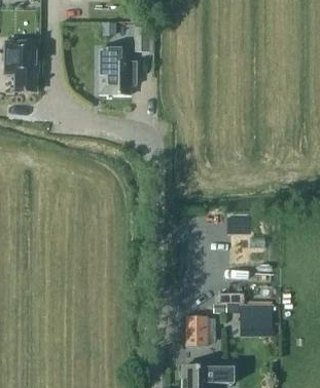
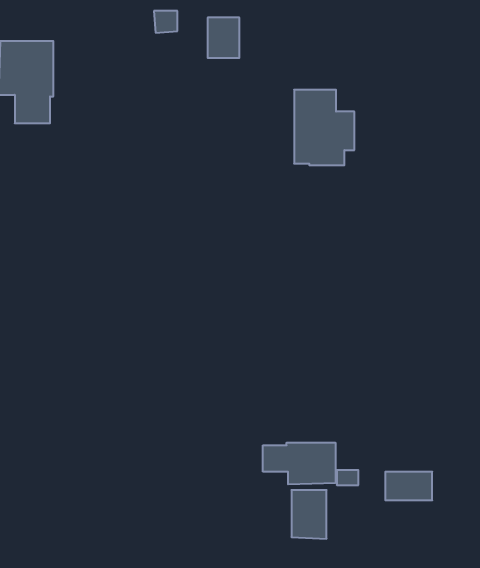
building: [100,47,137,93] -> [294,90,354,165]
building: none -> [263,443,335,484]

